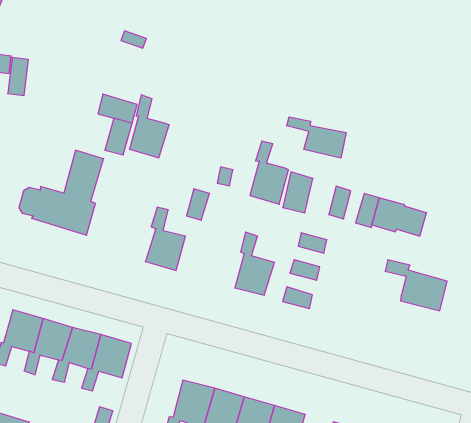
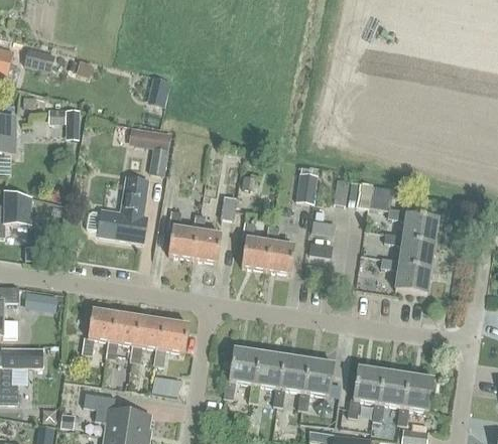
building: [129,95,169,158] -> [167,209,197,258]
building: [287,117,346,158] -> none
building: [250,141,289,204] -> [241,221,269,270]
building: none -> [387,207,438,244]
building: none -> [380,257,430,294]

